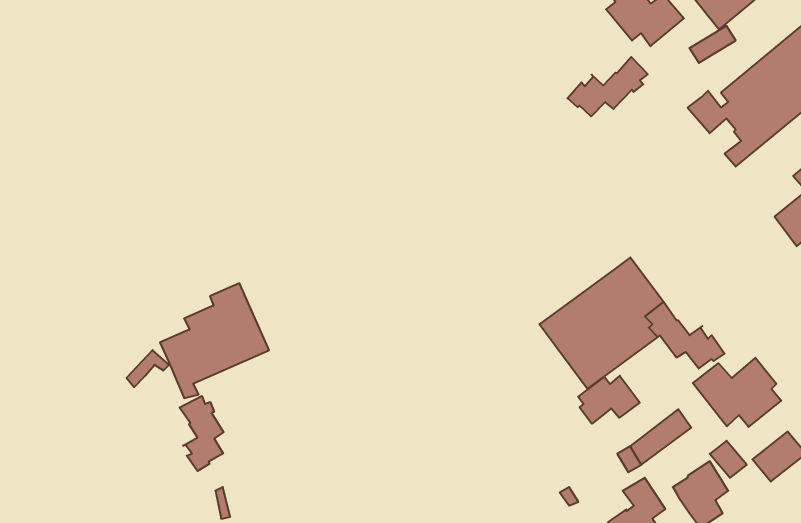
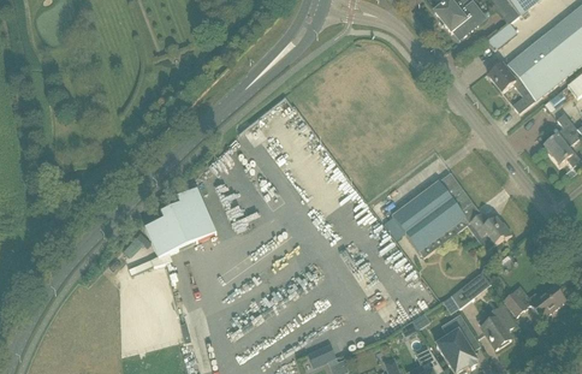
building: [567,57,648,116] -> none
building: [693,358,781,427] -> none
building: [578,376,640,424] -> none
building: [180,396,224,471] -> none

